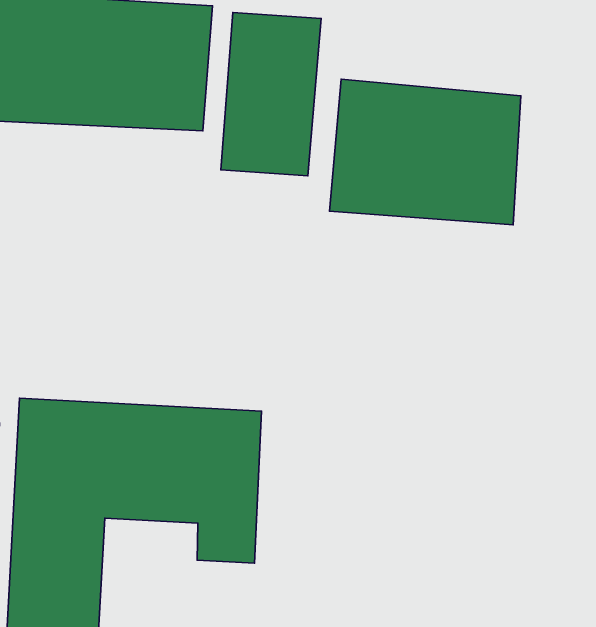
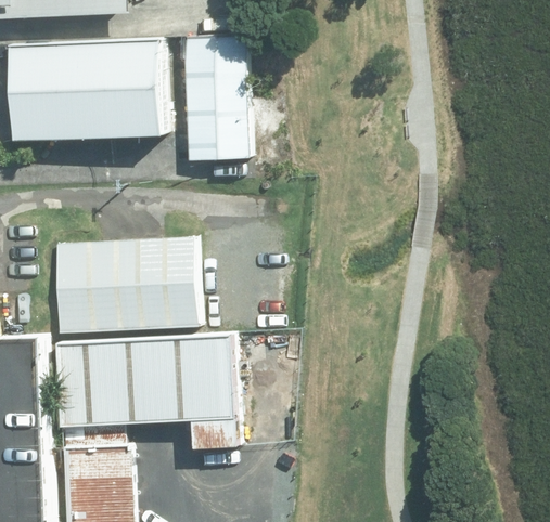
building: [330,79,521,225] -> none
building: none -> [52,236,203,332]

